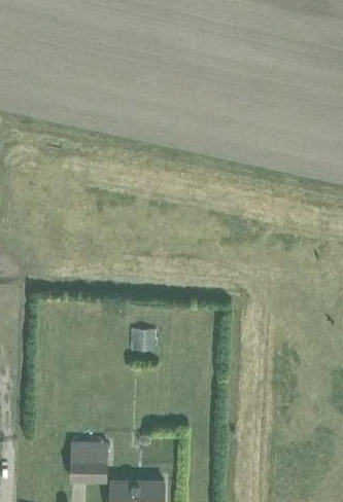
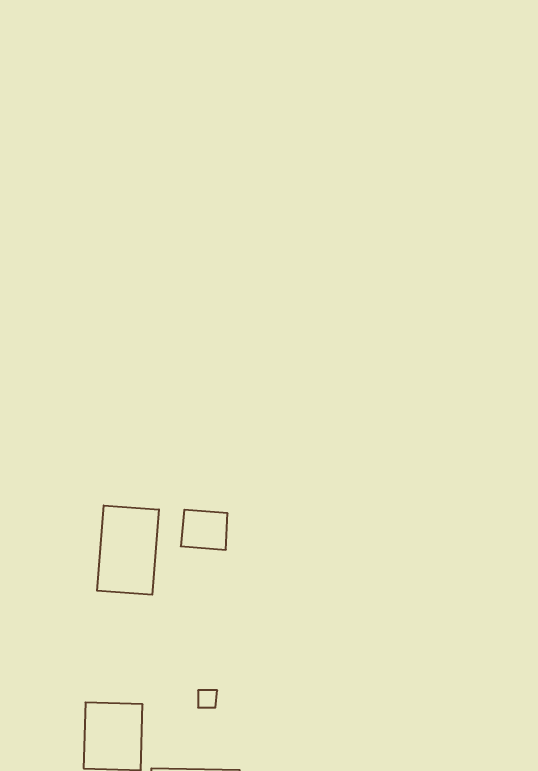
building: none -> [97,505,159,595]

